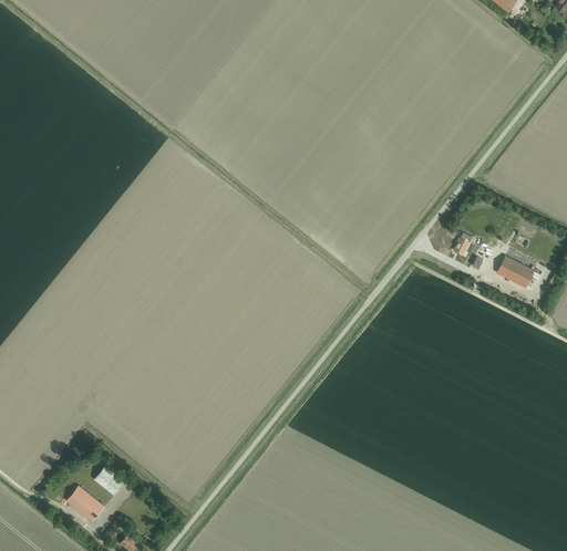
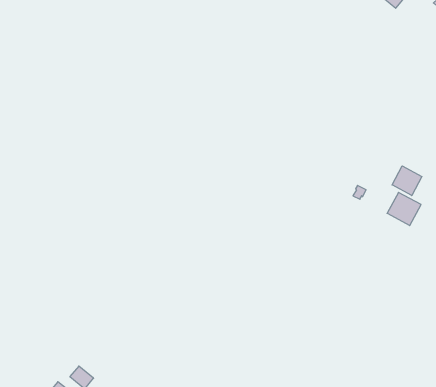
building: none -> [392,166,422,196]

